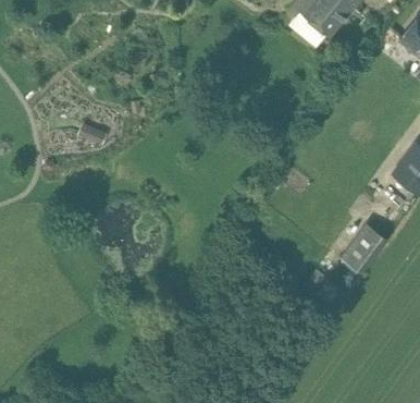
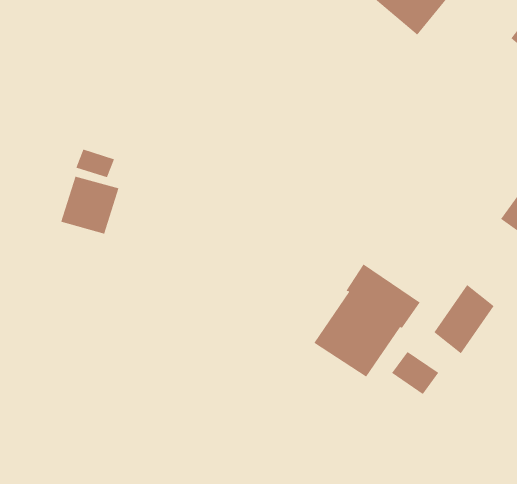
building: none -> [61,176,119,234]
building: none -> [314,263,420,378]

